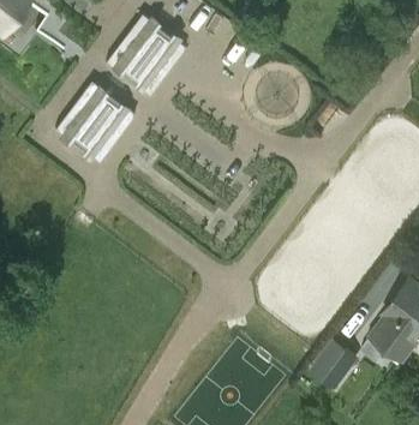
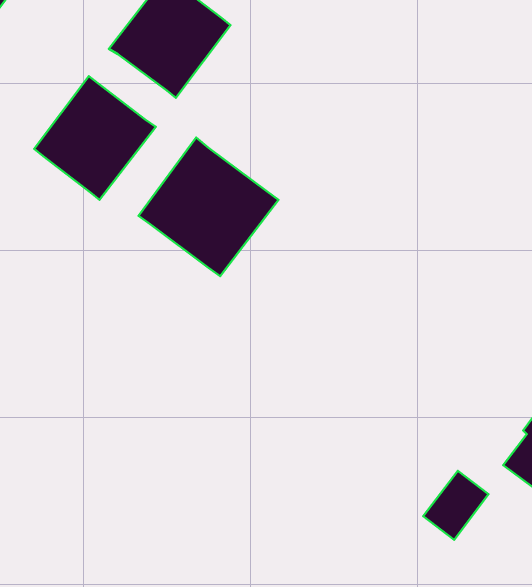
building: none -> [139,137,279,276]

